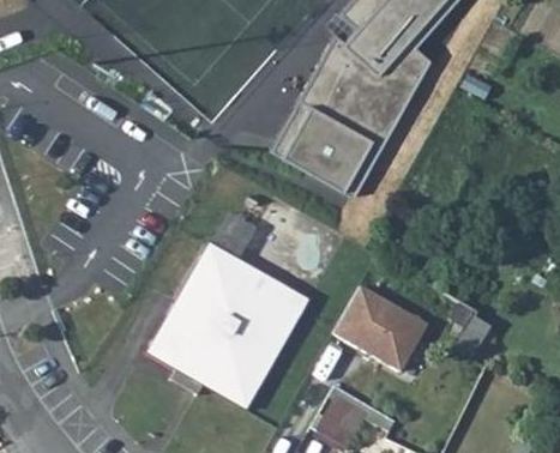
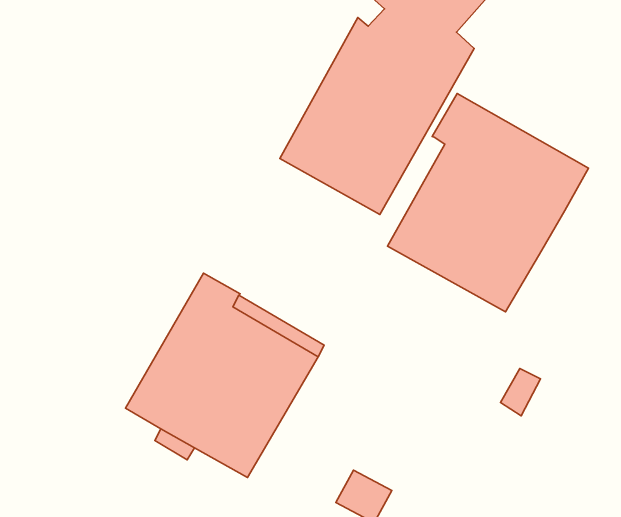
building: none -> [387,94,589,312]
building: [333,285,429,372] -> none

